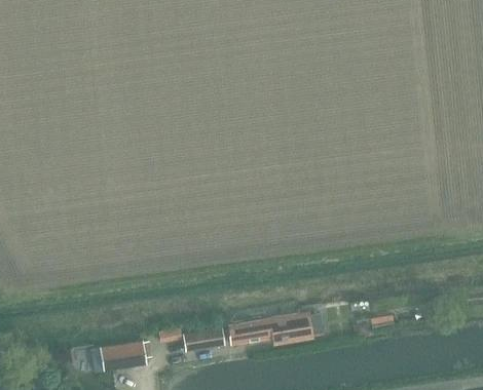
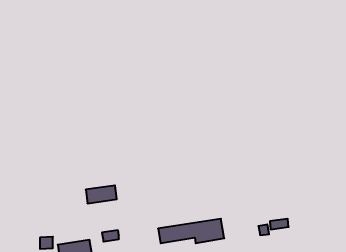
building: [185,327,224,350] -> [86,185,117,203]

